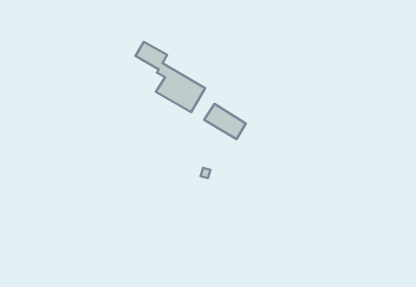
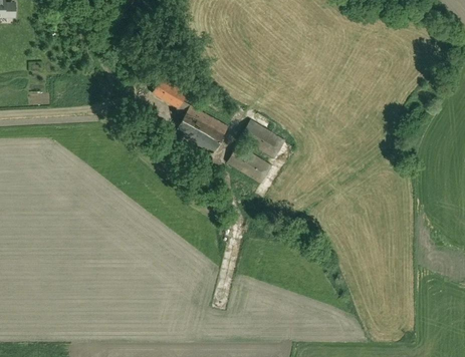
building: none -> [240,120,285,158]

